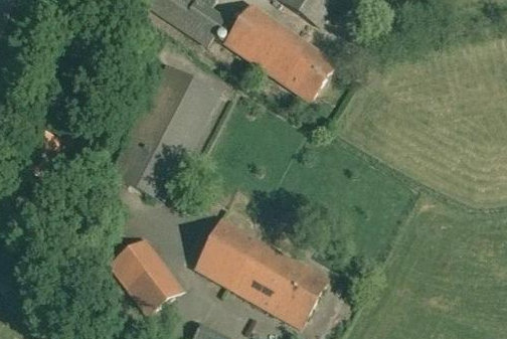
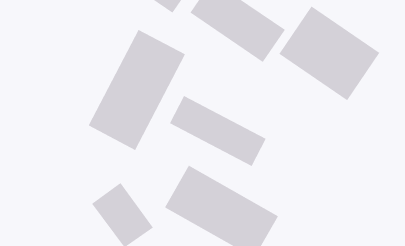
building: none -> [279,5,380,101]
building: none -> [169,95,267,167]

